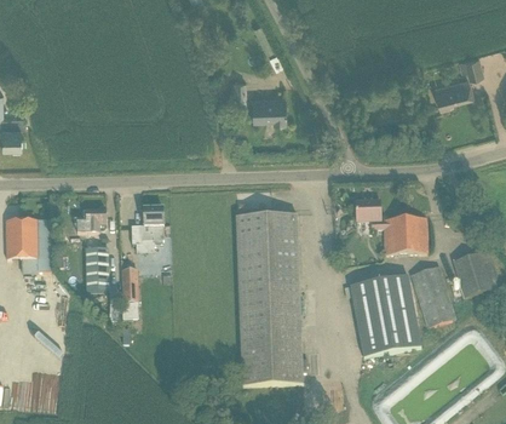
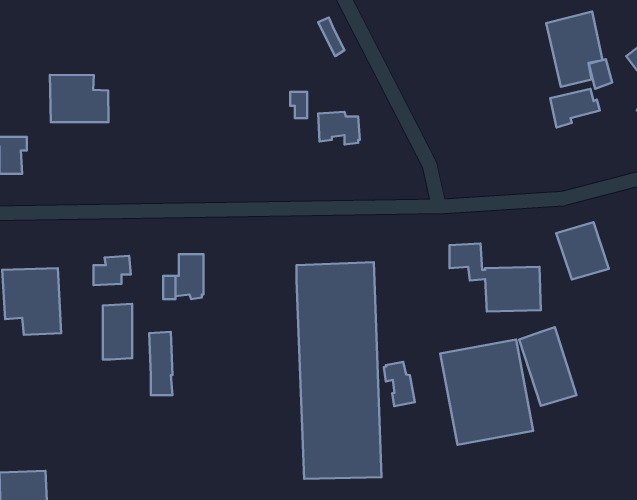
building: none -> [546,12,603,87]
building: none -> [50,75,108,122]
building: [452,251,493,296] -> [556,222,609,280]
building: none -> [384,362,415,406]

